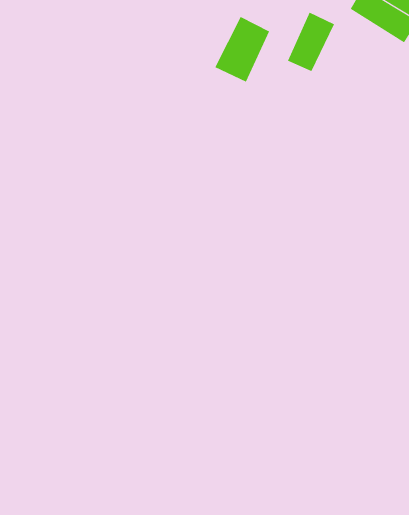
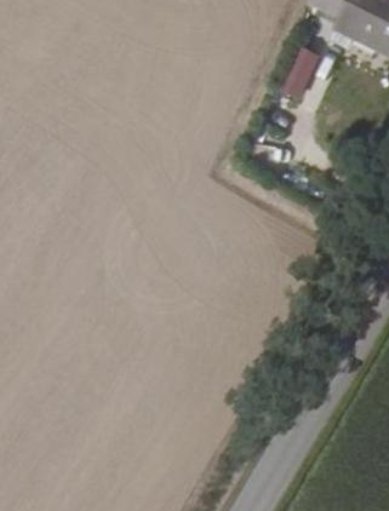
building: [214,16,270,82] -> none

